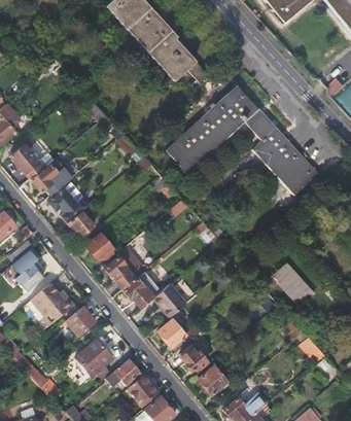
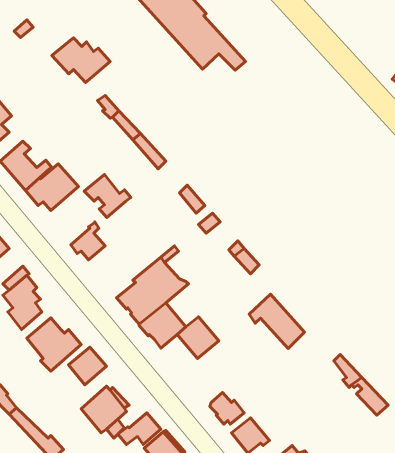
building: none -> [52,38,110,83]
building: [167,85,318,196] -> none
building: [47,188,85,223] -> [84,175,131,218]
building: [85,233,113,260] -> none
building: [268,264,313,308] -> [249,294,305,348]
building: [157,316,203,348] -> none

